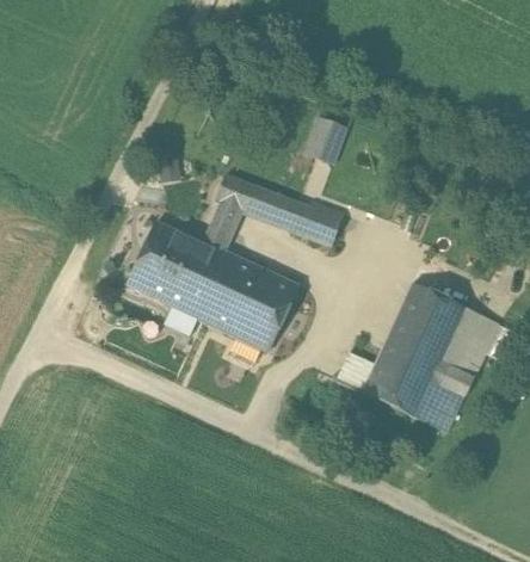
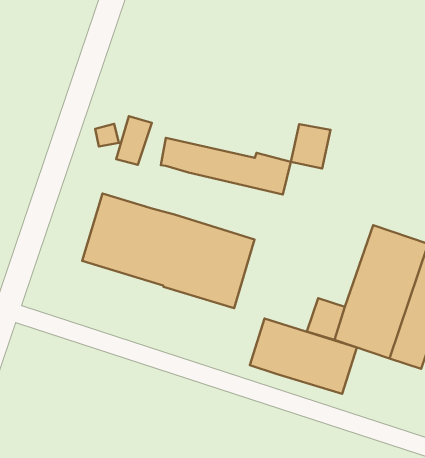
building: [304,117,347,163] -> [291,124,330,169]
building: [203,202,242,251] -> [116,116,152,165]
building: none -> [250,319,357,394]

